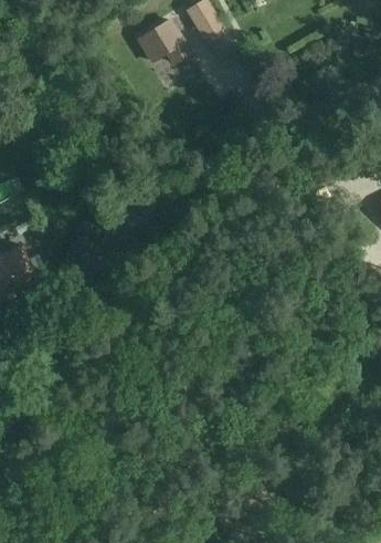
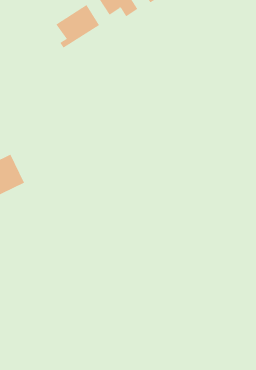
building: none -> [56,4,100,49]

